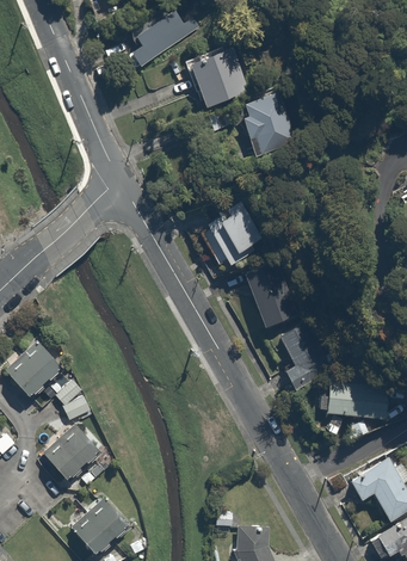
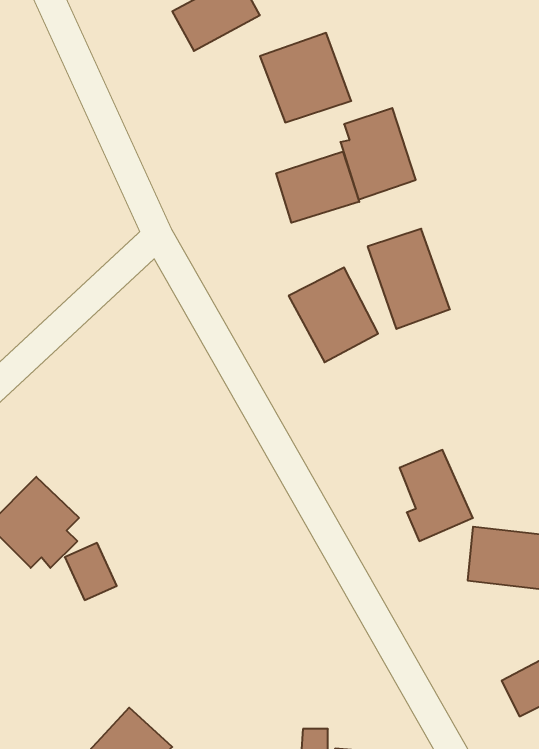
building: none -> [276,152,359,223]
building: [245,260,300,327] -> [368,229,450,329]
building: [45,429,111,487] -> none

